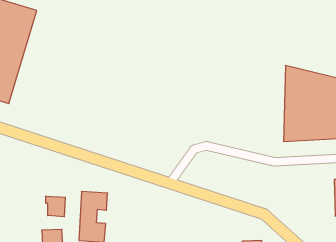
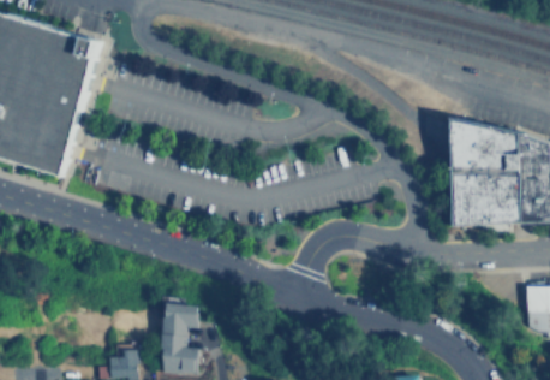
building: [46,196,65,217] -> none

